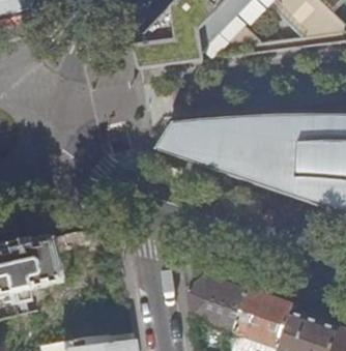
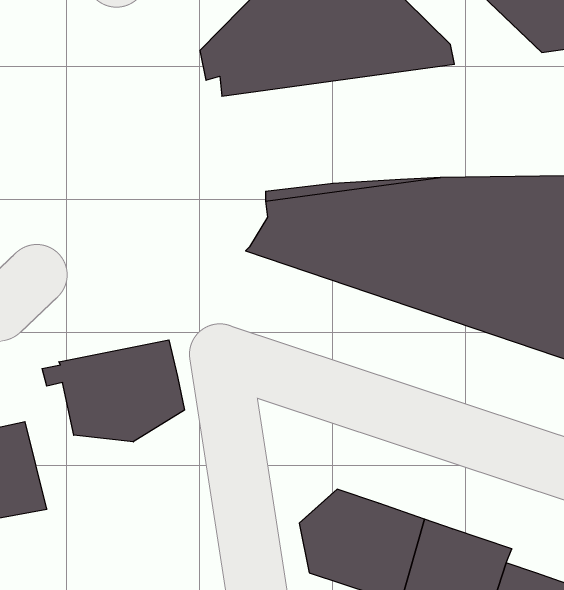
building: none -> [42,340,185,442]

